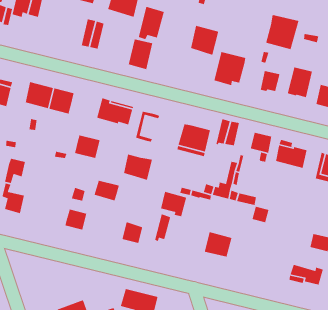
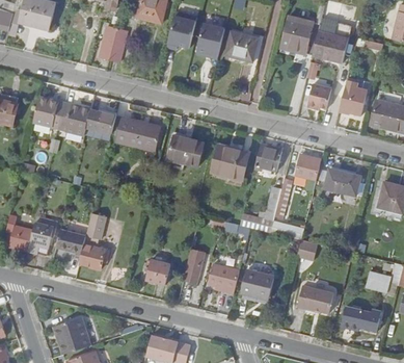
building: [128,38,153,70] -> [196,23,225,59]
building: [214,51,246,86] -> [282,16,320,56]
building: [74,135,100,159] -> [89,106,119,134]
building: [123,154,153,181] -> [169,136,204,167]
building: [4,158,26,184] -> [31,222,56,252]
building: [94,180,120,202] -> [59,229,89,254]
building: [160,191,187,217] -> [210,263,241,293]
building: none -> [297,285,334,313]
building: none -> [55,318,91,354]

